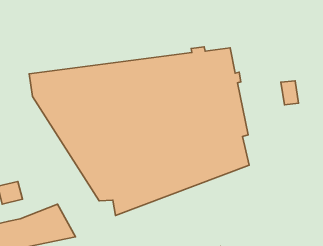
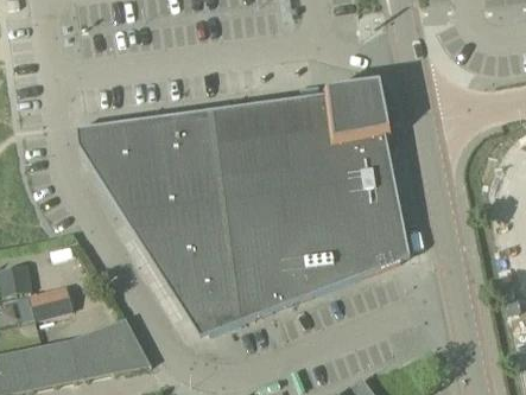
building: [281,81,299,105] -> none

